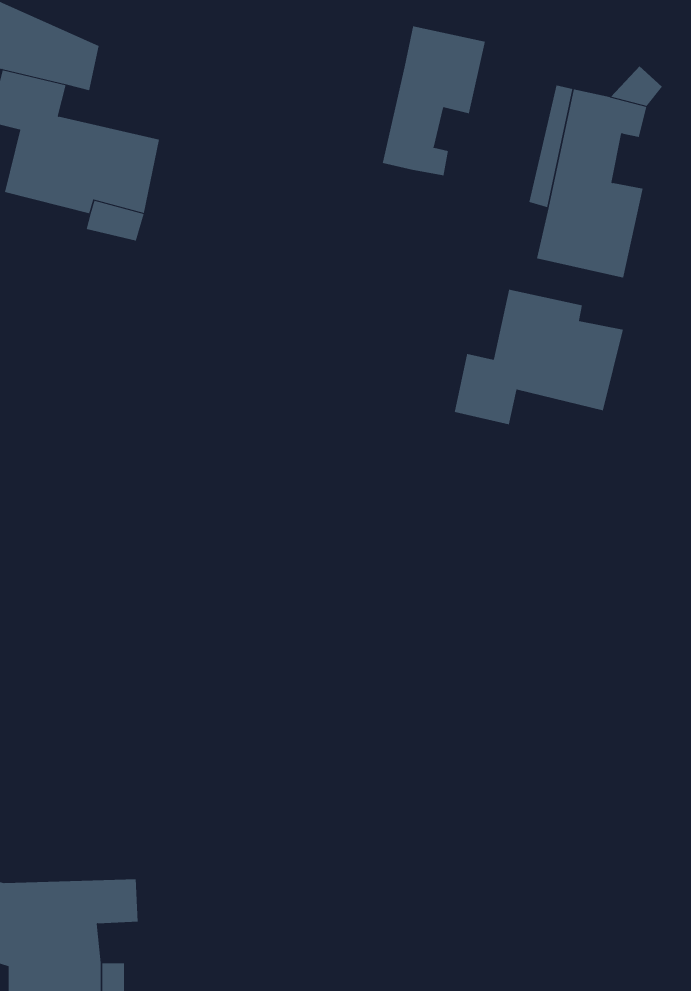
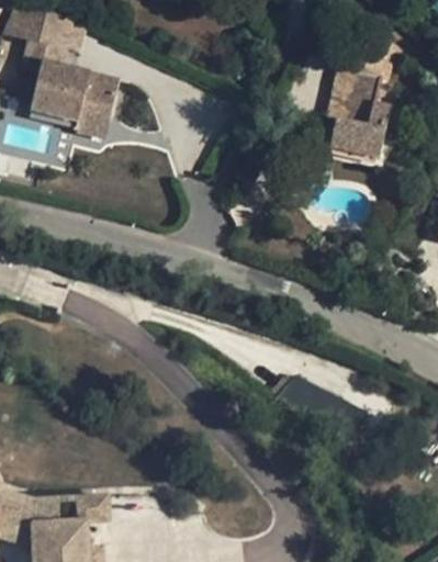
building: [382,25,485,176] -> none
building: [454,289,624,425] -> none

